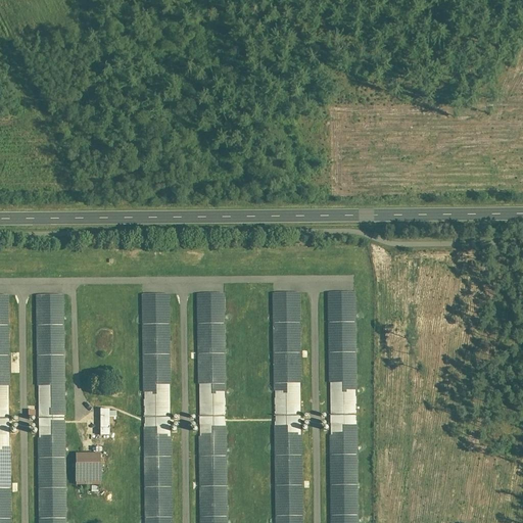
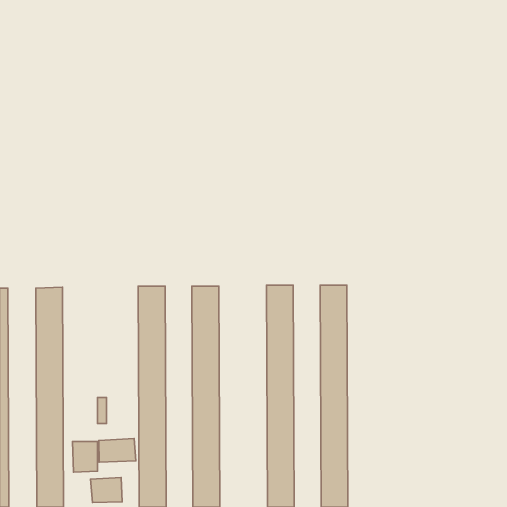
building: none -> [99,438,136,462]
building: none -> [91,478,122,502]

